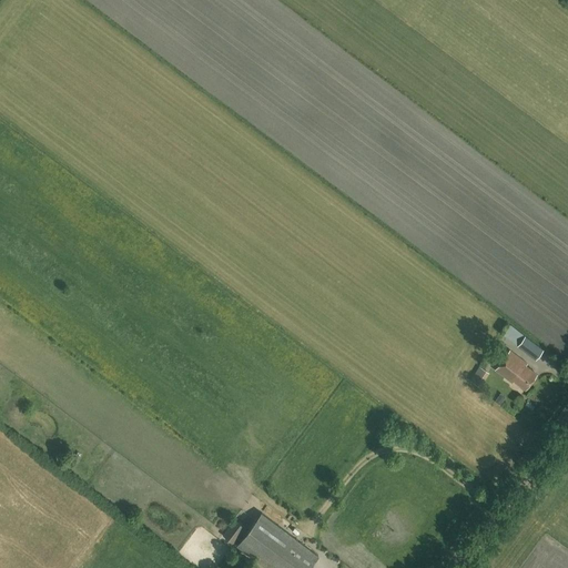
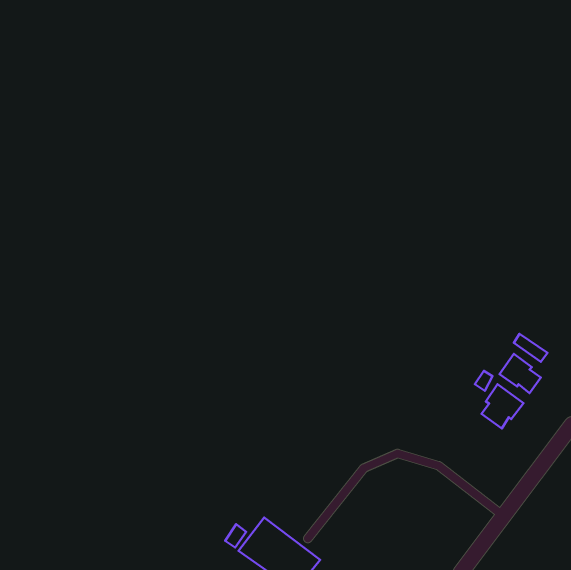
building: none -> [482,384,524,428]

